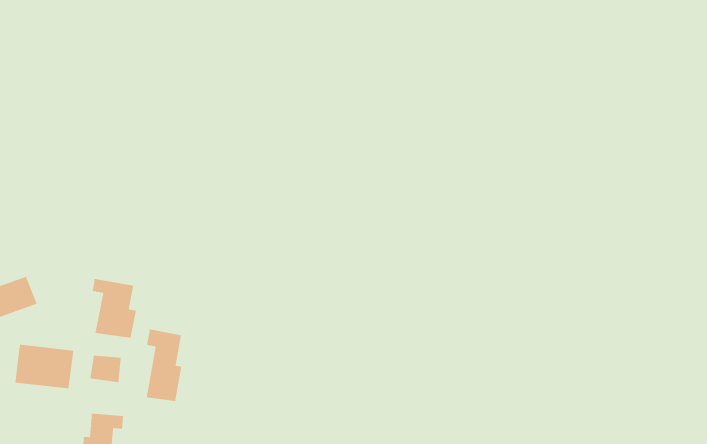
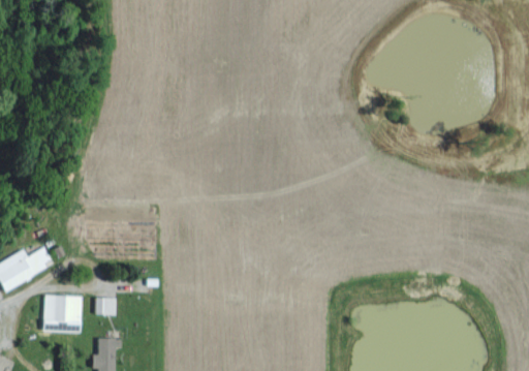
building: [92,278,136,339] -> none
building: [146,329,182,402] -> none

